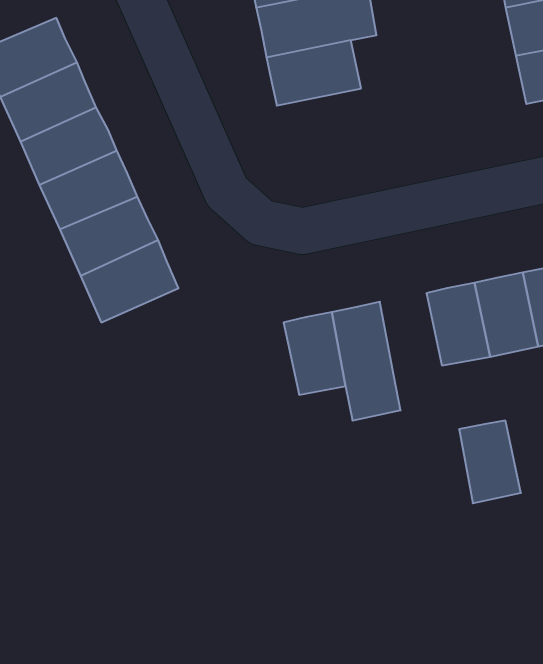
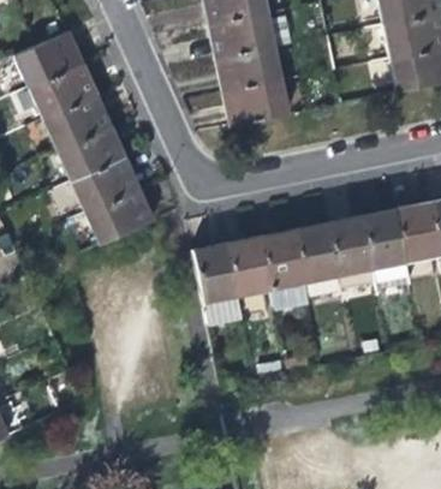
building: none -> [224,82,288,126]
building: none -> [195,245,243,323]
building: [459,421,521,503] -> [296,225,339,282]

